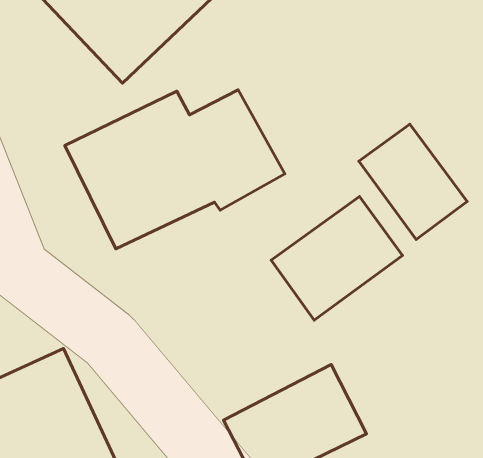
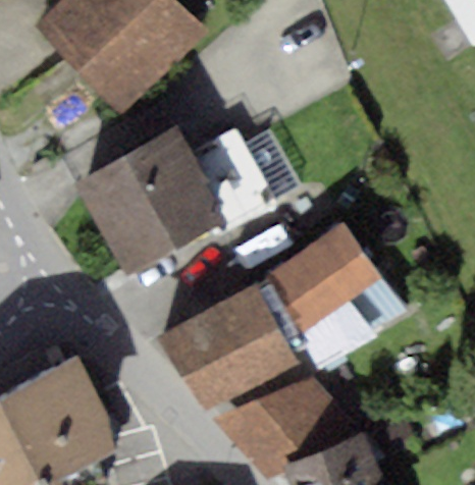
building: [359,124,467,239] -> none
building: none -> [167,284,293,403]

